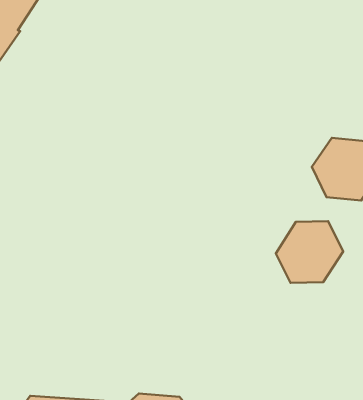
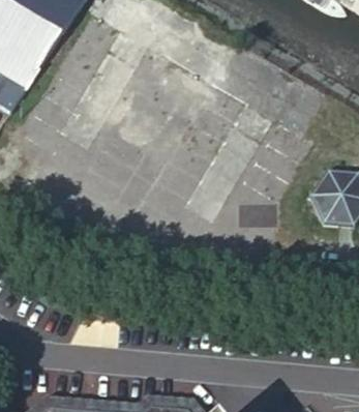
building: [276,221,343,283] -> none

